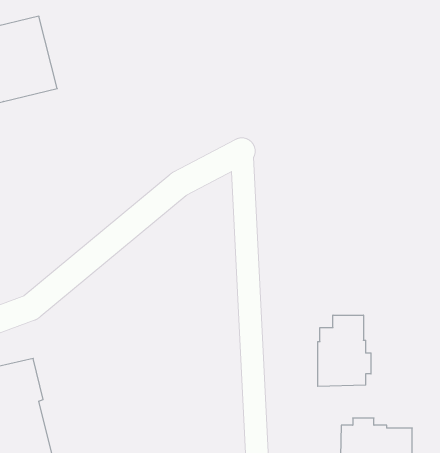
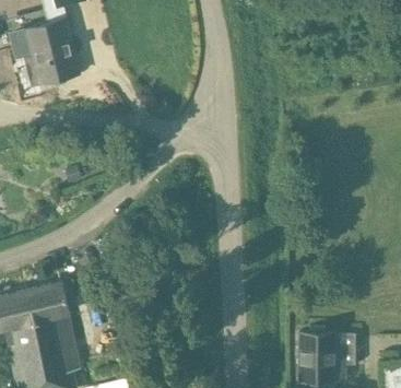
building: [318,315,371,386] -> none

